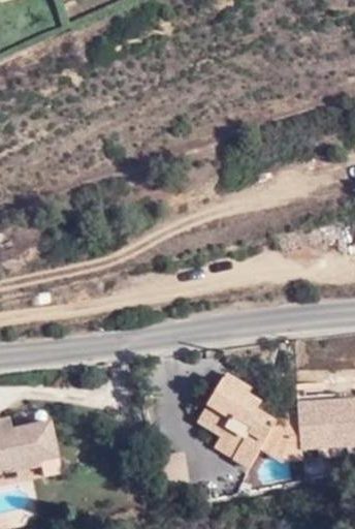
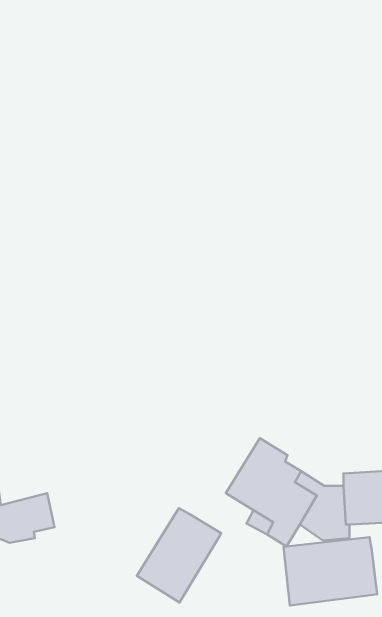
building: none -> [137,508,221,603]
building: none -> [283,537,377,605]

